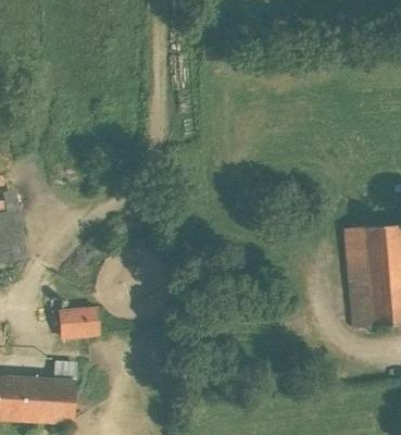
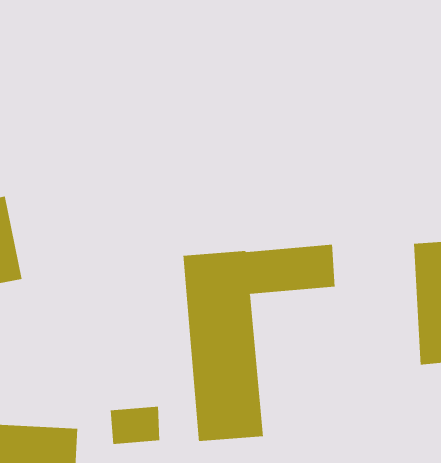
building: none -> [183,244,335,442]
building: [58,308,99,339] -> [110,406,160,445]

